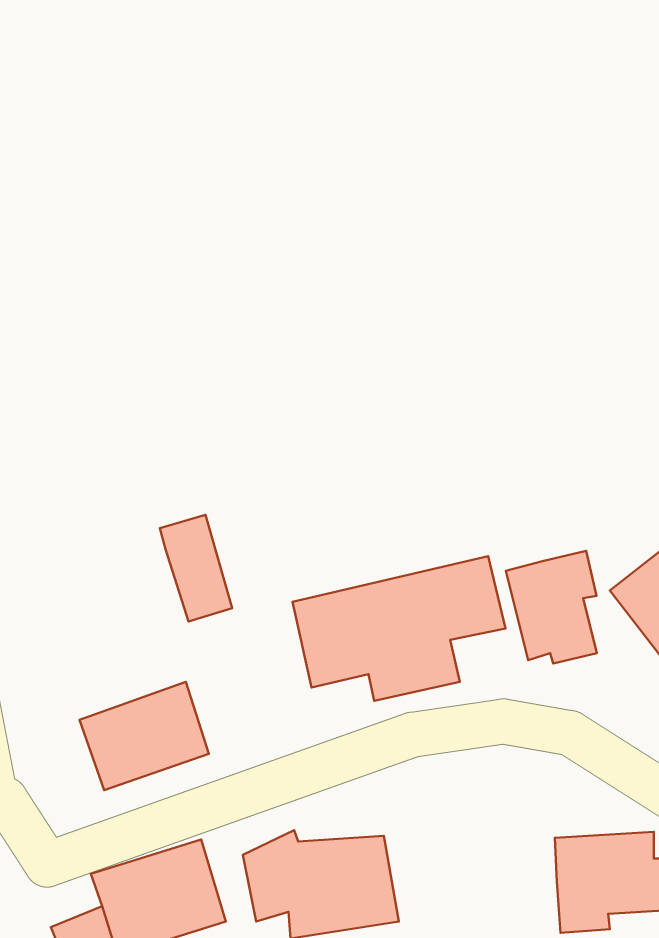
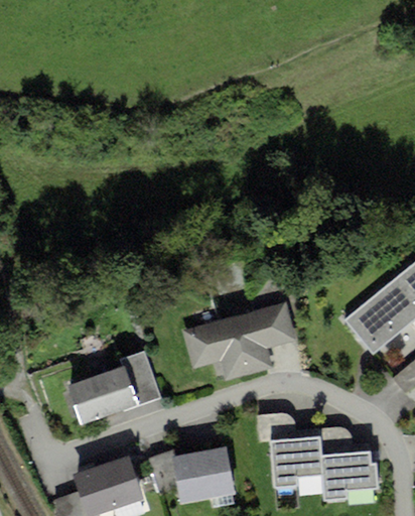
building: [160,515,232,621] -> [121,350,159,406]
building: [506,551,597,663] -> none
building: none -> [271,438,320,488]

